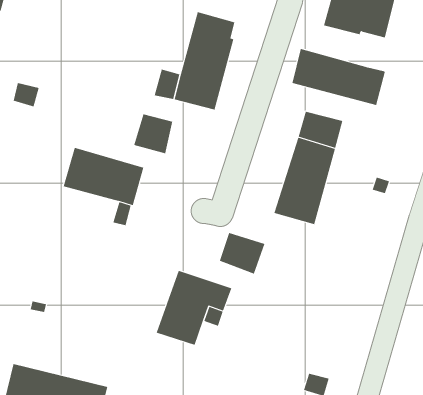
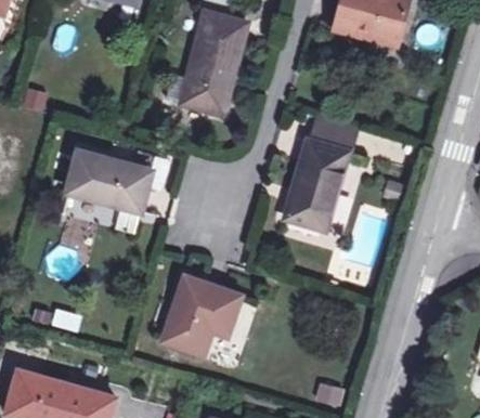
building: [292,48,386,106] -> none
building: [134,113,173,154] -> none
building: [219,232,265,274] -> none

